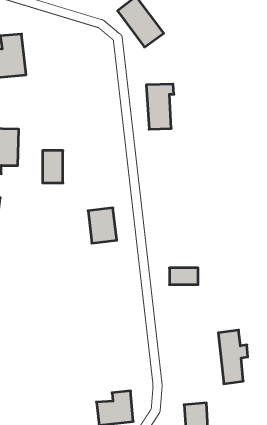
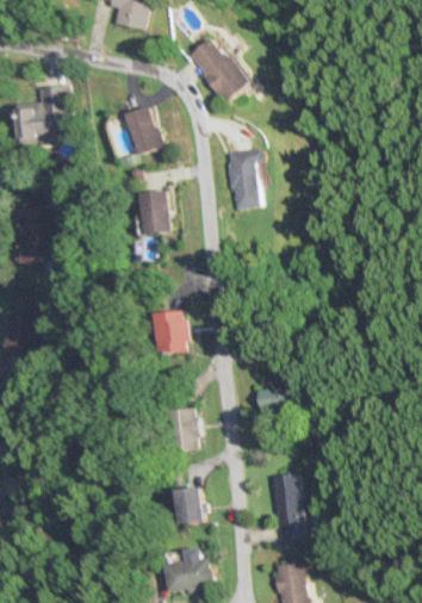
building: none -> [125,107,161,155]
building: [43,151,63,183] -> [139,192,166,234]
building: none -> [175,409,197,449]
building: [218,330,248,384] -> [272,472,310,541]
building: none -> [174,486,203,522]

